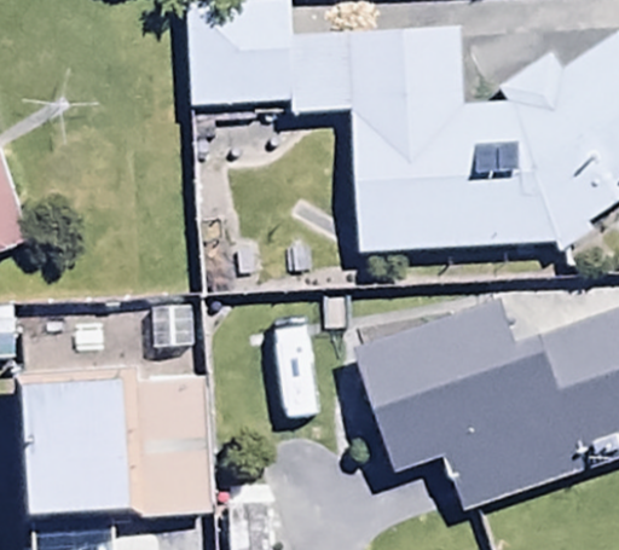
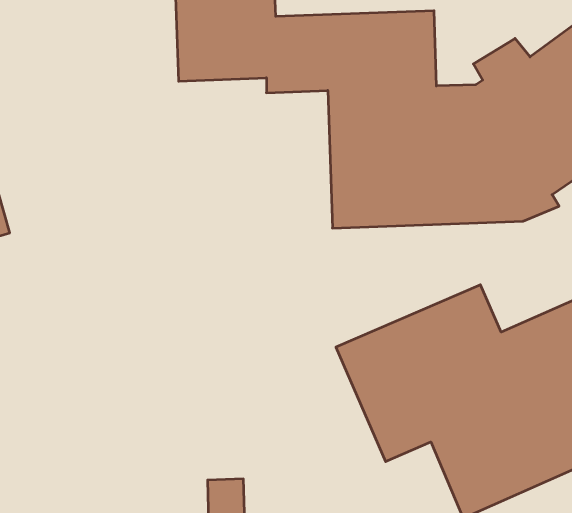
building: [28,383,210,520] -> none

